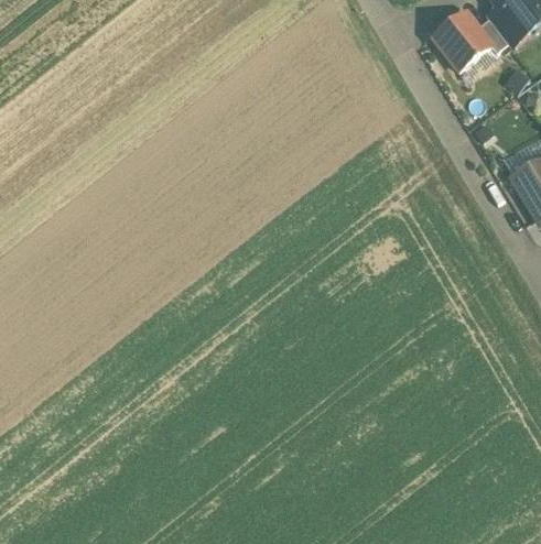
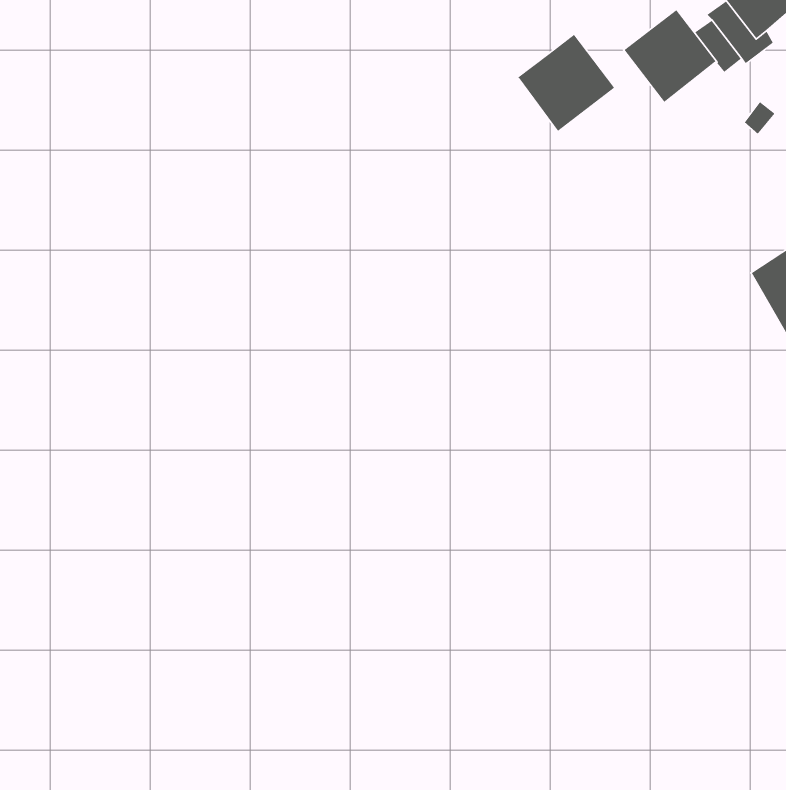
building: none -> [517,34,615,132]

